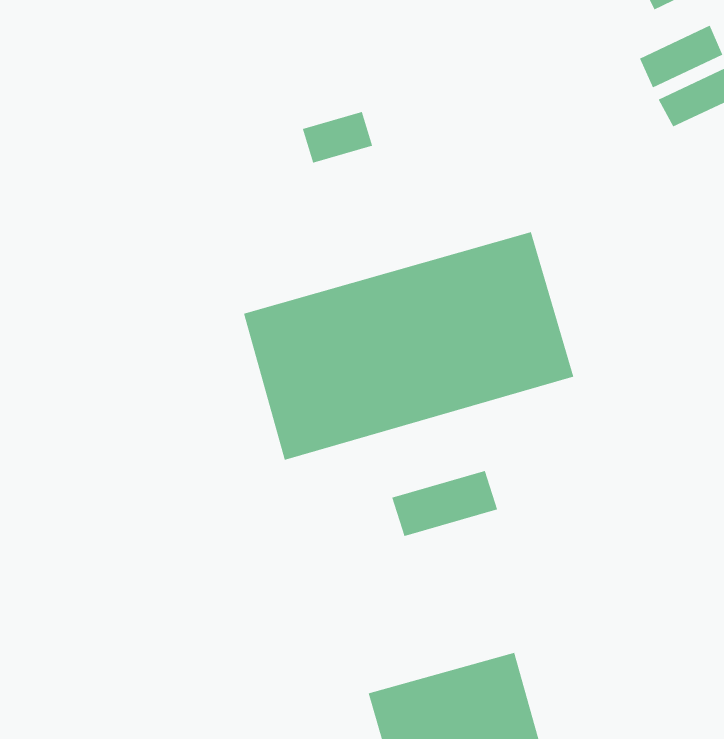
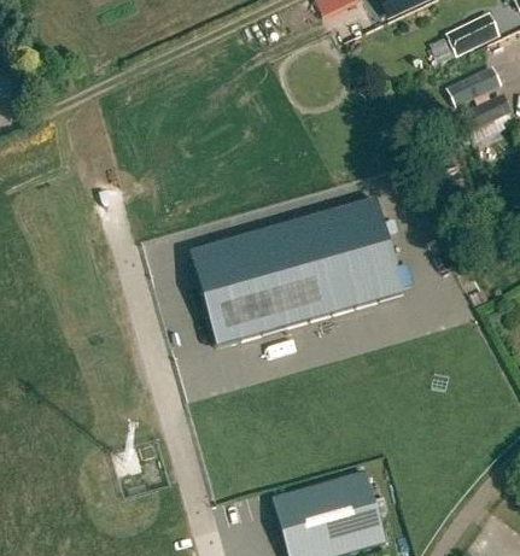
building: [302,111,373,163] -> none
building: [391,470,498,537] -> none

